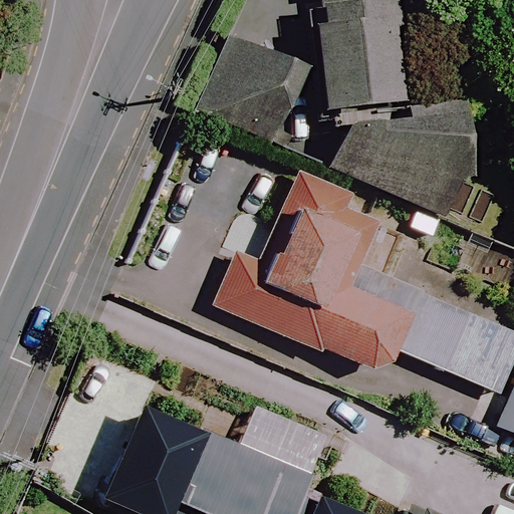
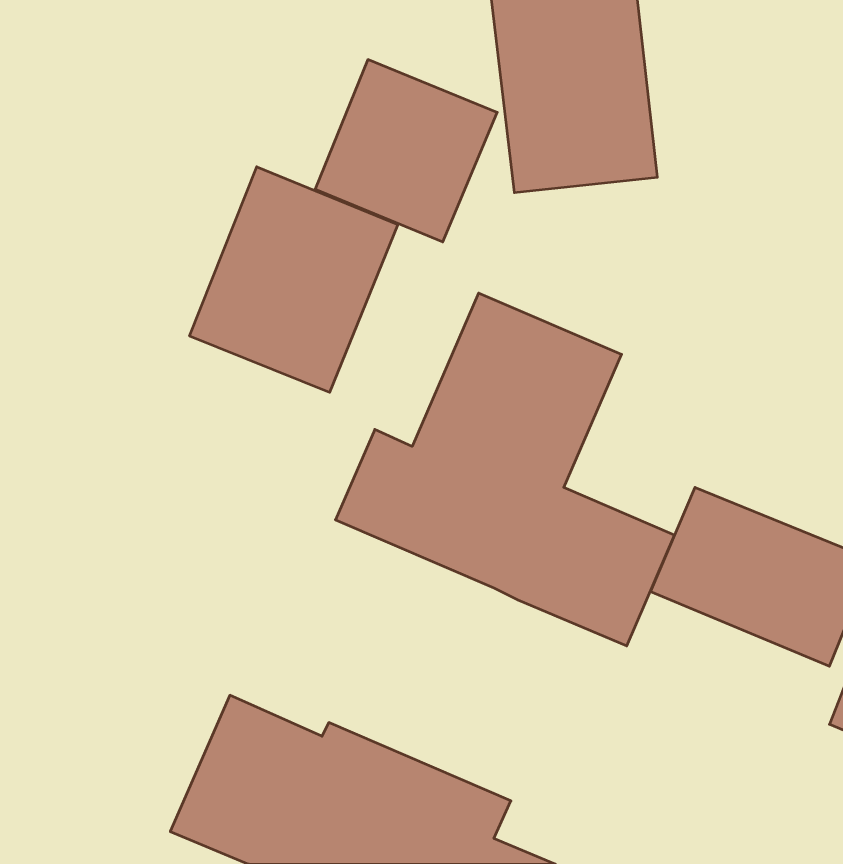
building: none -> [190,167,398,392]
building: [336,101,474,217] -> none

